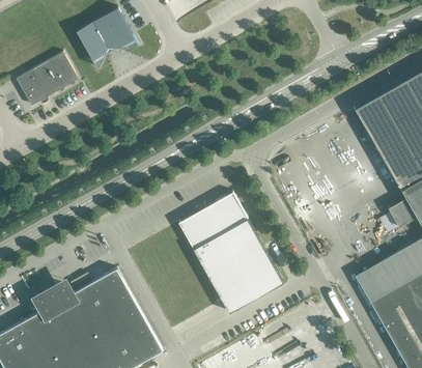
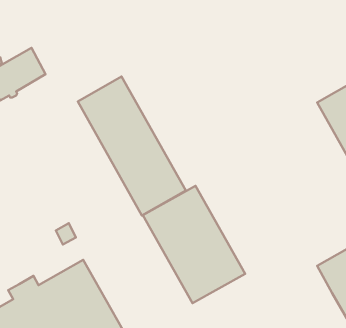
building: [77,7,139,67] -> none
building: none -> [78,77,186,216]

